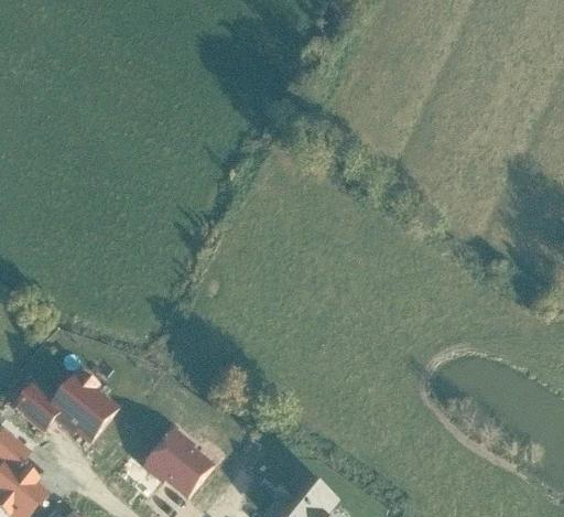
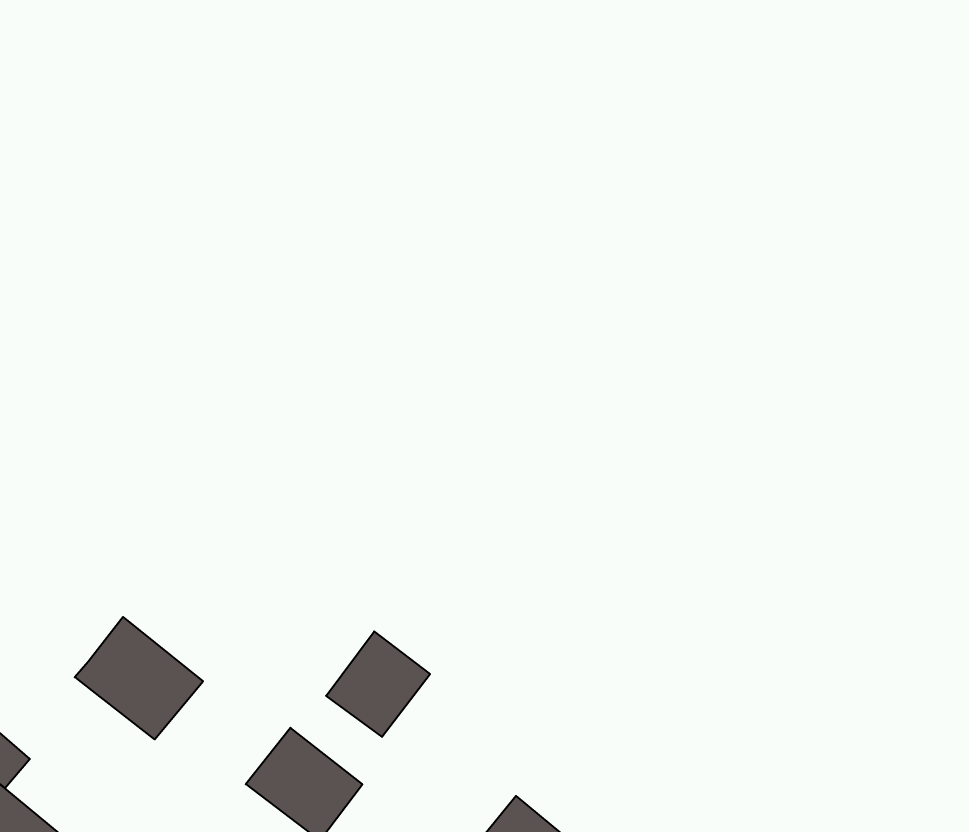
building: none -> [326,631,430,737]
building: [15,379,61,431] -> none

